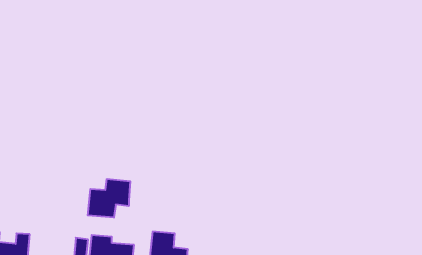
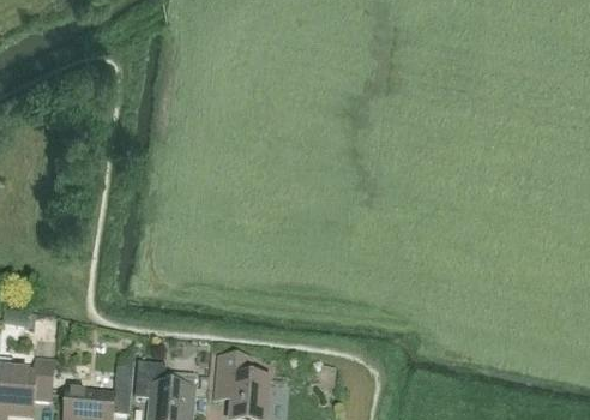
building: [88,179,130,218] -> none

